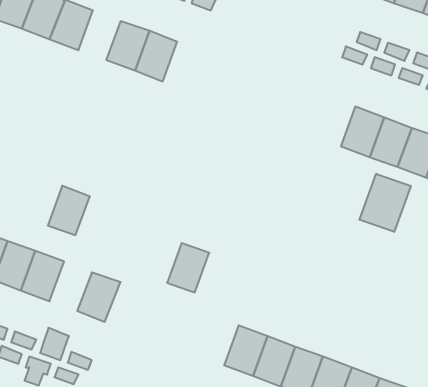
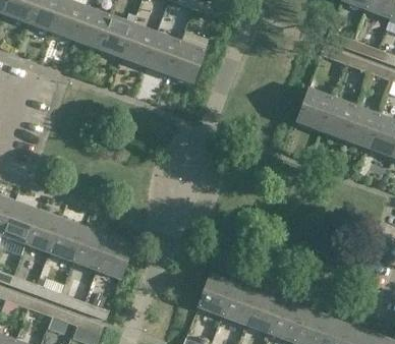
building: none -> [98,15,133,57]
building: none -> [169,42,205,83]
building: none -> [296,89,332,130]
building: [359,174,411,232] -> none
building: [48,186,90,235] -> [73,228,109,270]
building: [167,243,209,292] -> [198,274,233,316]

